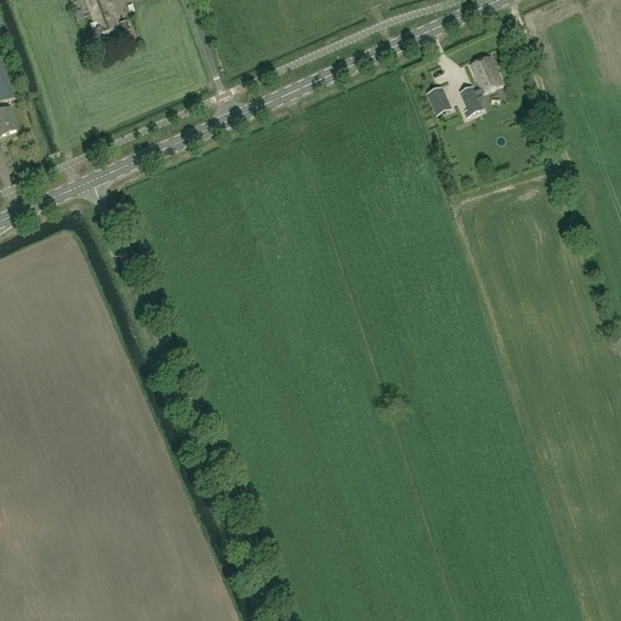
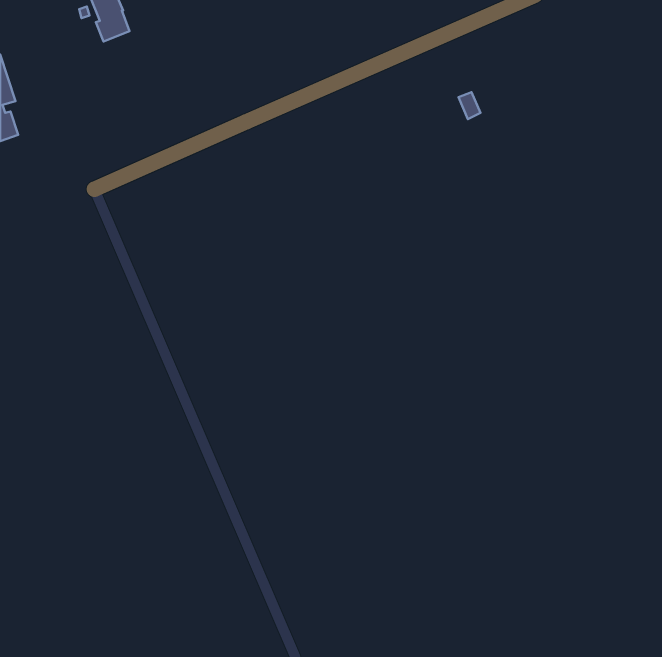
building: [461,55,503,109] -> none

